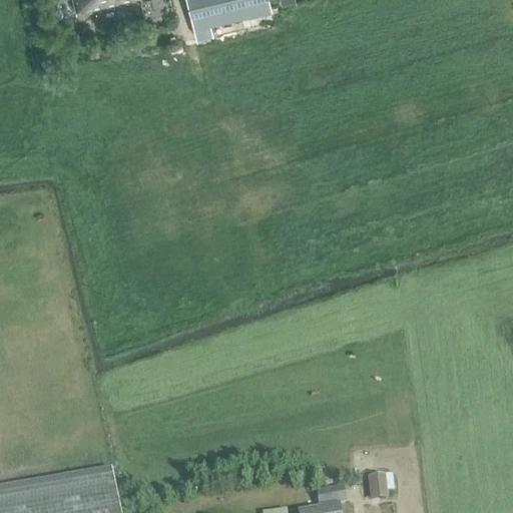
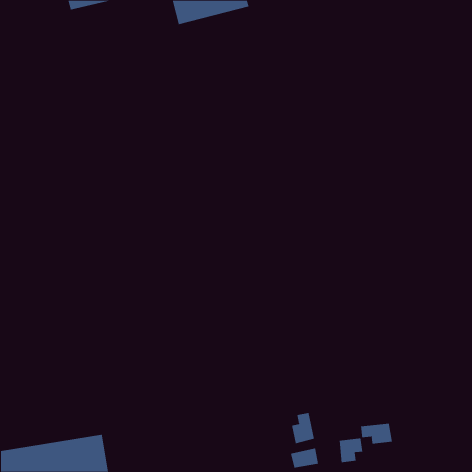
building: none -> [291,412,315,444]
building: none -> [361,423,392,444]

